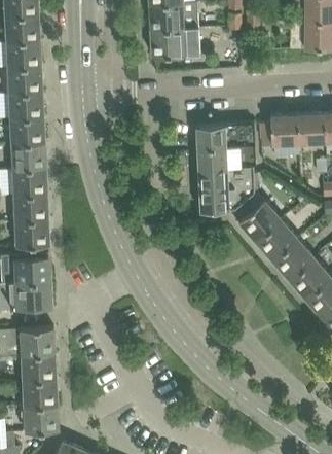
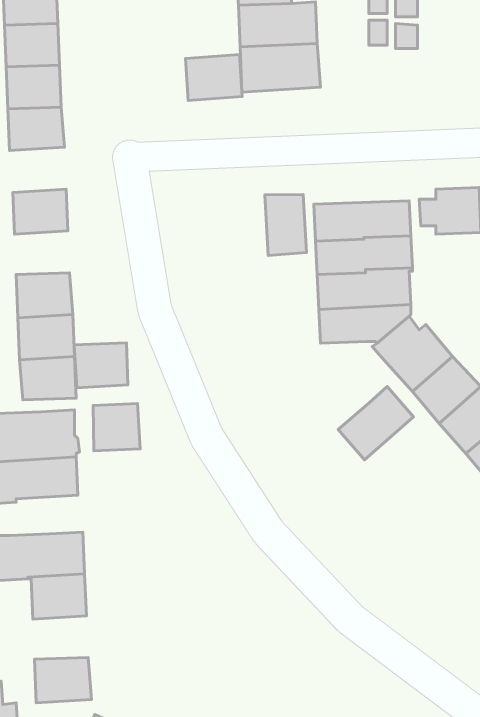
building: none -> [186,54,242,101]
building: [8,92,43,119] -> none
building: none -> [265,195,306,255]
building: [11,143,45,170] -> none
building: none -> [74,343,128,388]
building: none -> [338,386,413,460]
building: none -> [93,403,140,451]
building: [23,380,57,407] -> none

